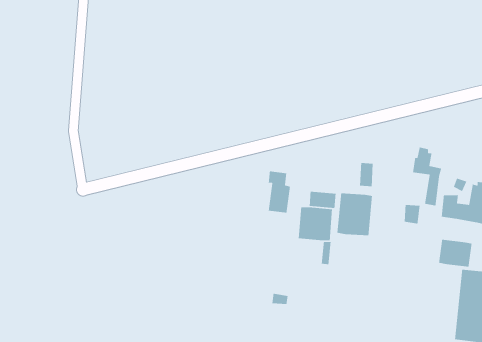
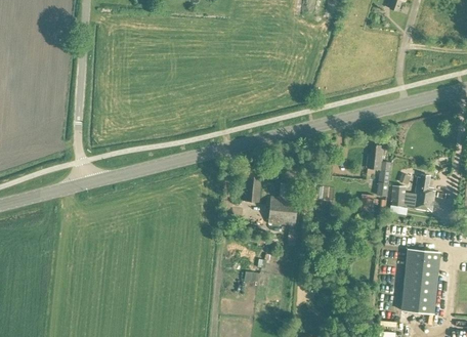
building: [337,193,373,236] -> none
building: [438,239,472,267] -> none

